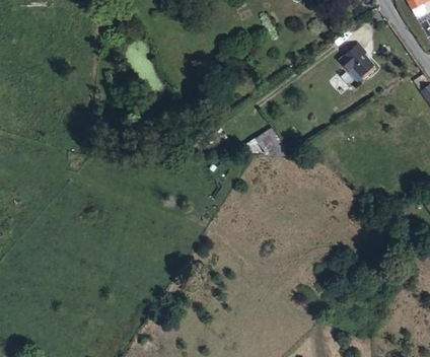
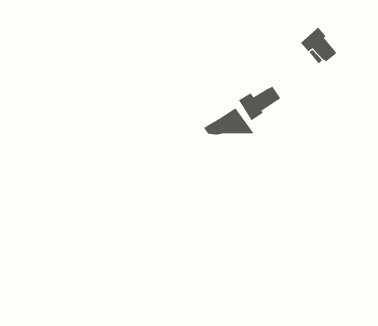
building: none -> [238,86,281,121]

